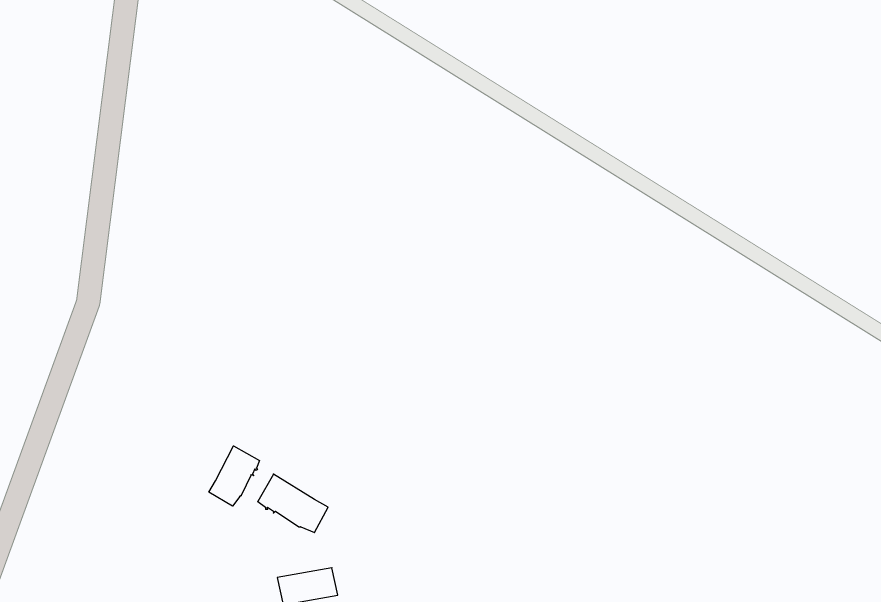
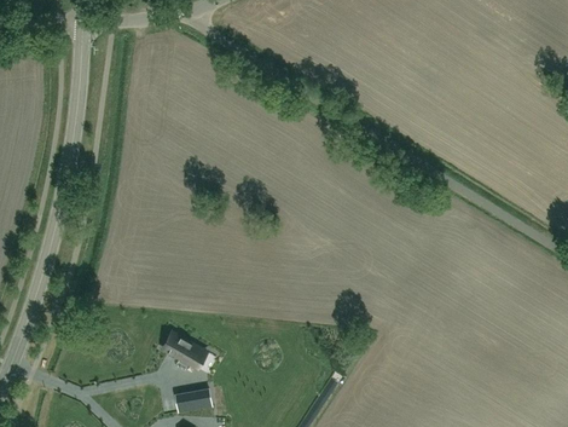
building: [209,446,259,506] -> none

